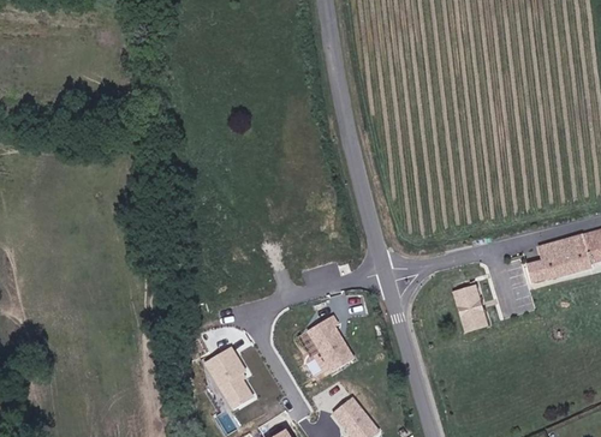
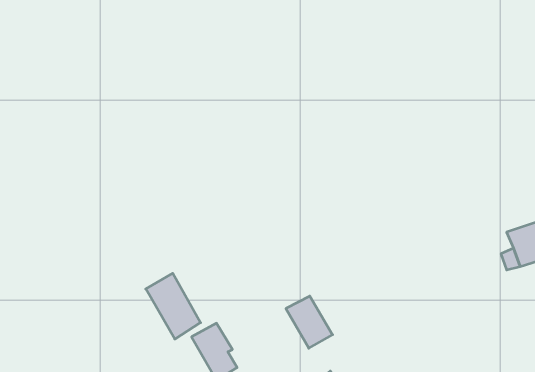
building: [454,287,490,337] -> none
building: none -> [146,273,201,339]

